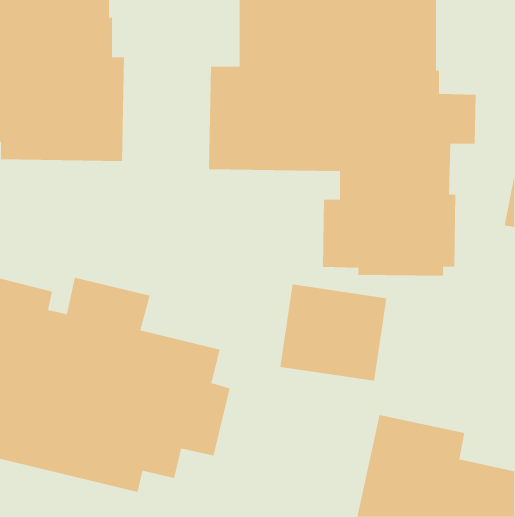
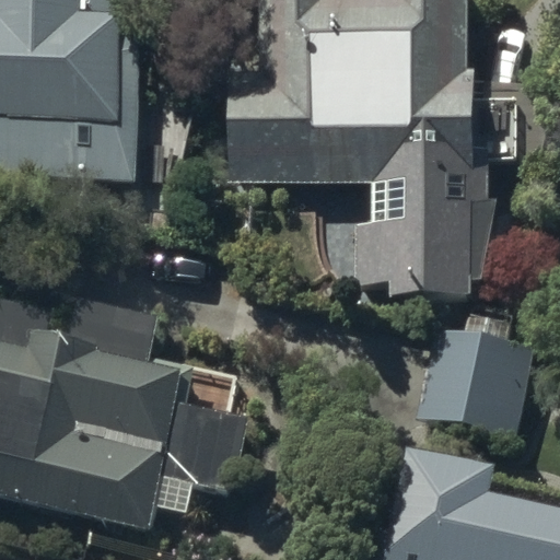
building: [279,284,387,381] -> [416,328,532,433]

